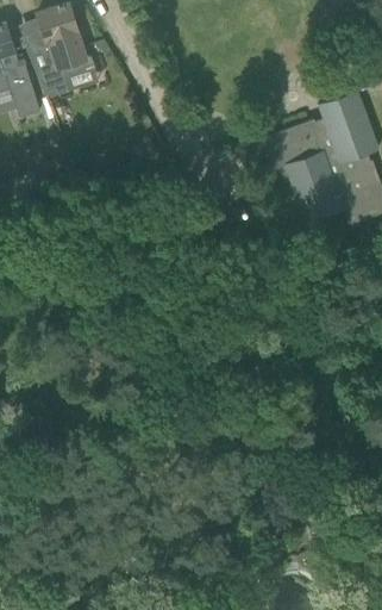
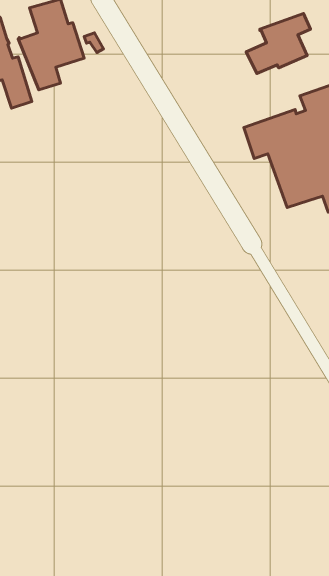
building: none -> [246,13,311,74]

